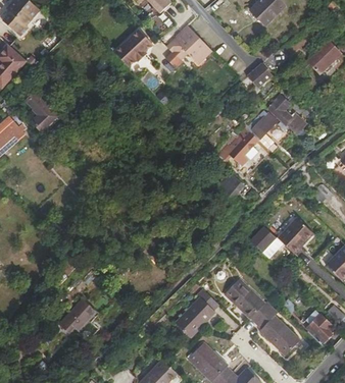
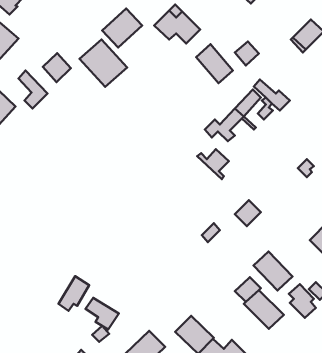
building: none -> [80,39,127,87]
building: none -> [196,44,233,83]
building: none -> [43,53,71,82]
building: [279,218,315,254] -> none
building: [224,278,263,318] -> [253,252,292,291]
building: [175,287,219,336] -> none
building: none -> [86,298,119,329]

